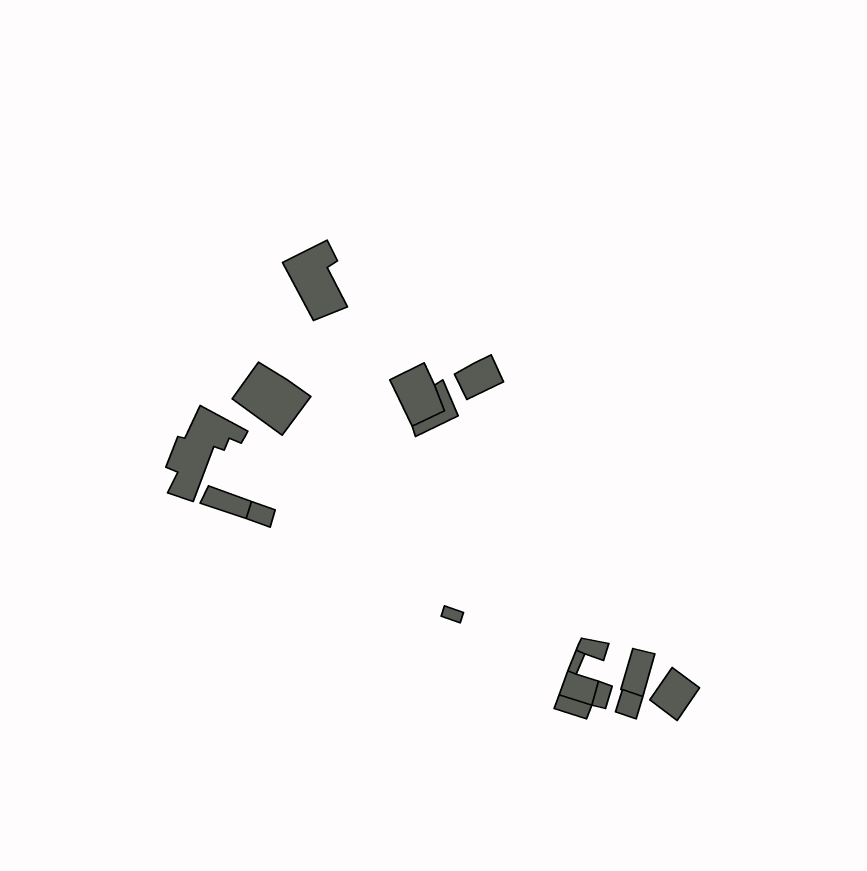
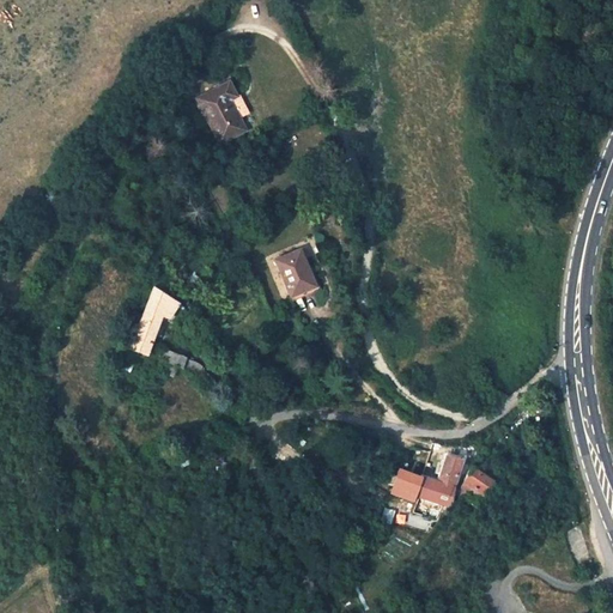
building: [283,240,348,321] -> [201,83,247,139]
building: [455,355,503,399] -> none
building: [232,362,311,435] -> none

